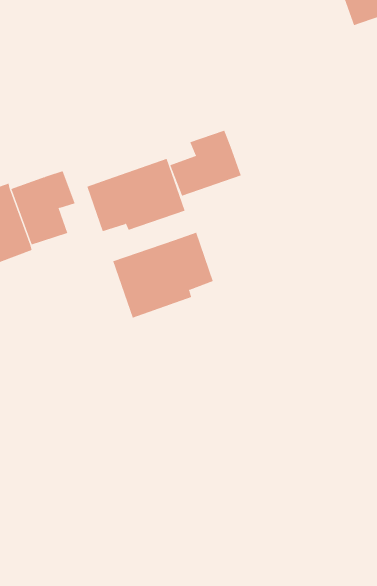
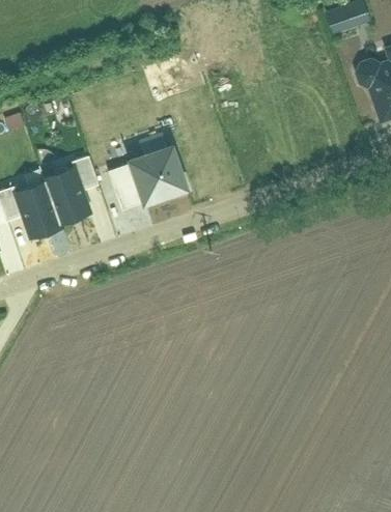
building: [170,130,242,197] -> none
building: [113,232,213,318] -> none

